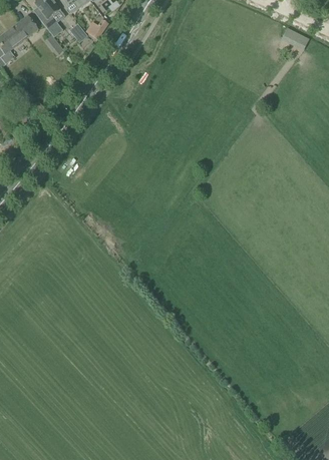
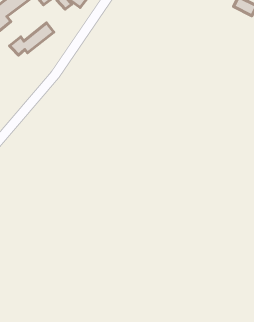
building: none -> [10,23,54,55]

